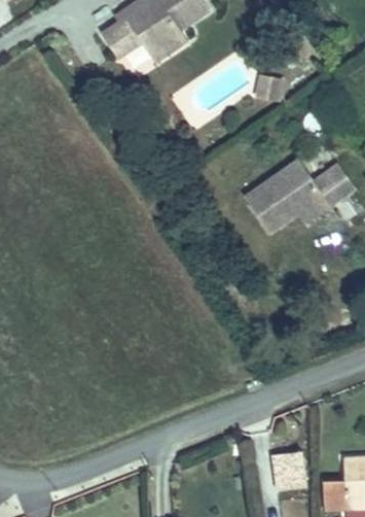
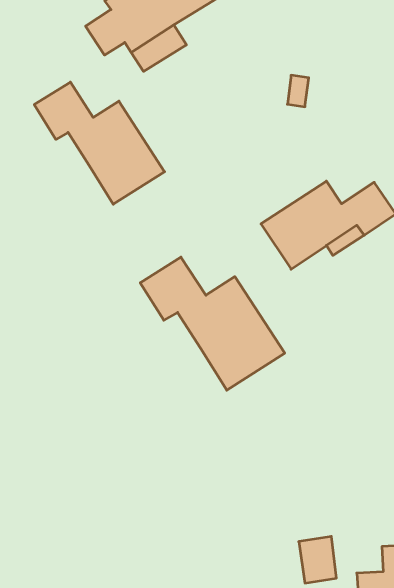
building: none -> [34,82,165,204]
building: none -> [140,257,285,390]

